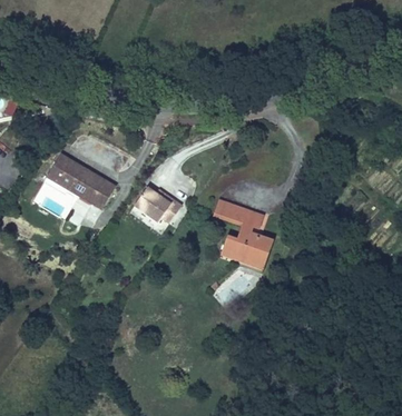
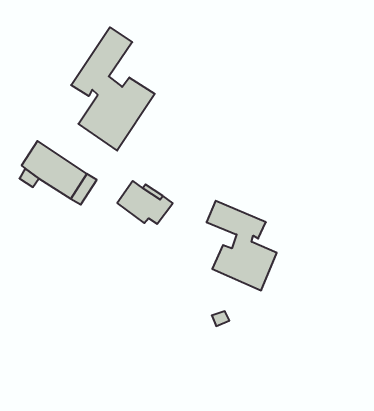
building: none -> [71,27,155,151]

